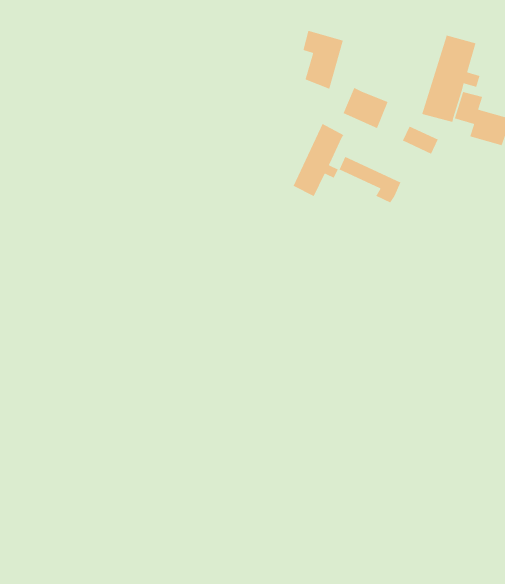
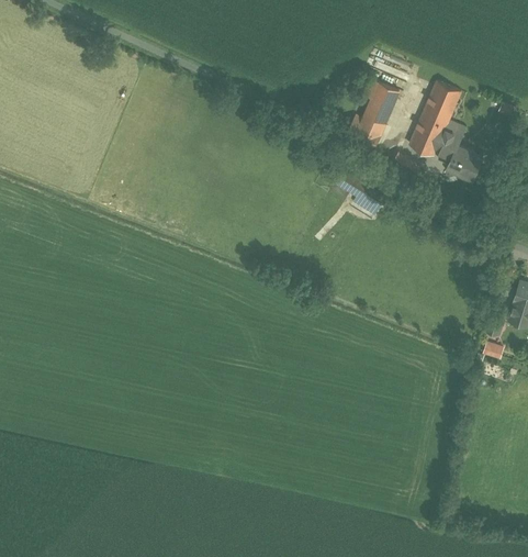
building: [302,30,344,90] -> [362,79,398,131]
building: [292,123,344,197] -> none

